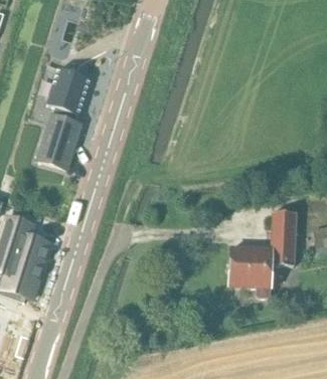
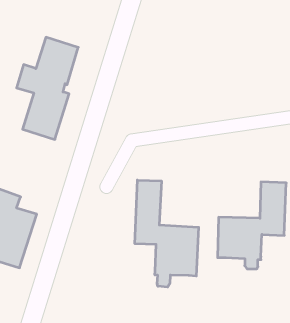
building: none -> [135,180,199,287]

